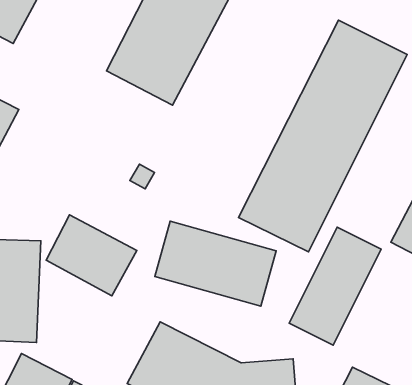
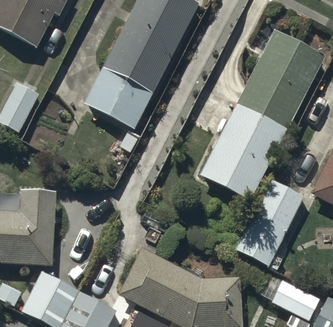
building: [46,215,137,296] -> [84,68,150,127]
building: [155,221,276,306] -> none

